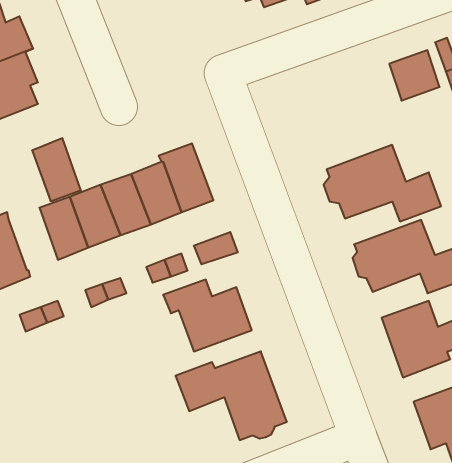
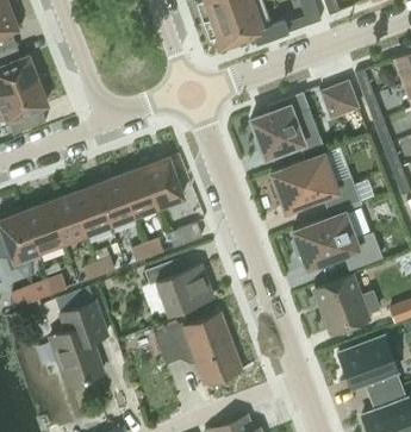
building: none -> [250,93,324,161]
building: [32,138,81,201] -> [24,202,62,251]
building: none -> [50,301,107,386]

